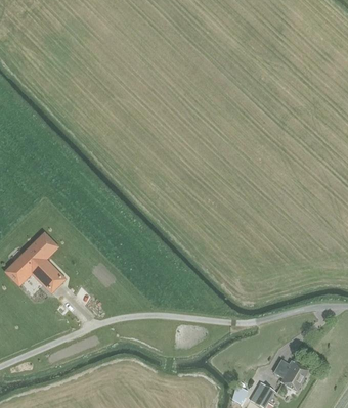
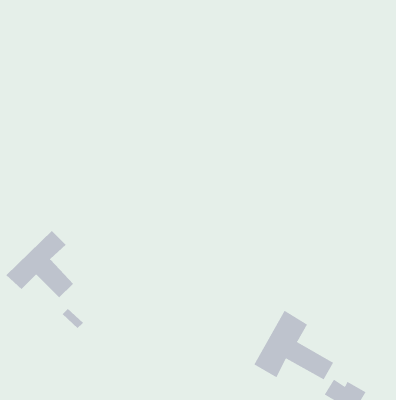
building: none -> [254,310,334,380]

